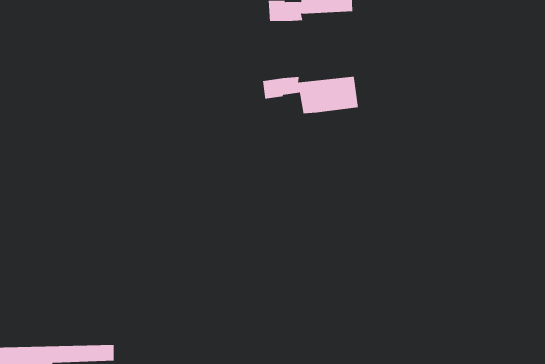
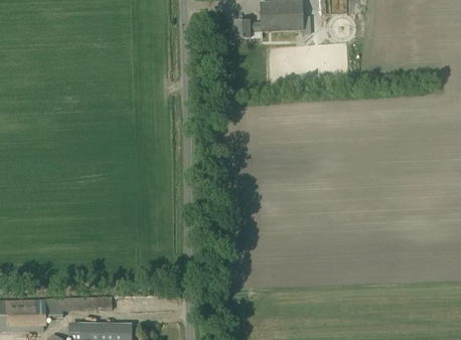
building: [263,76,359,114] -> none

